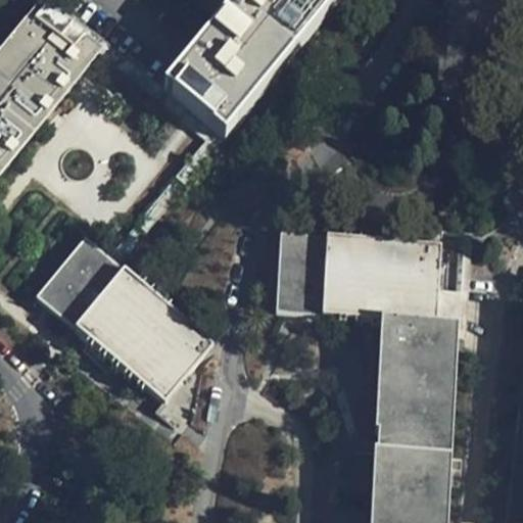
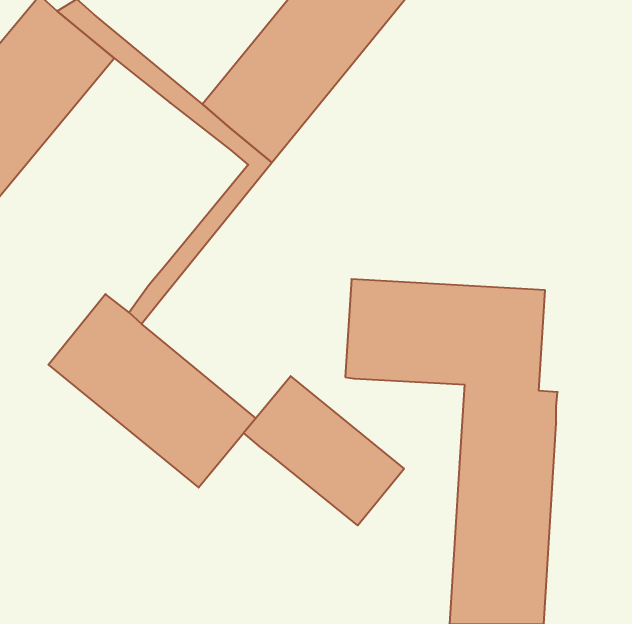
building: none -> [244,376,404,525]

